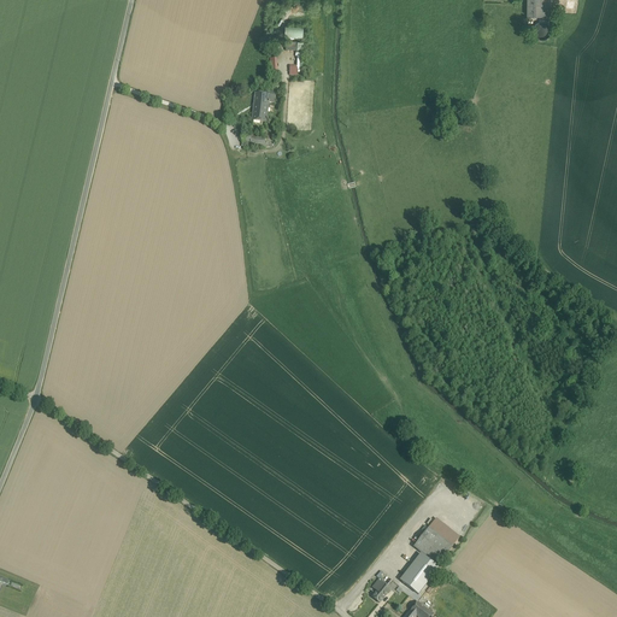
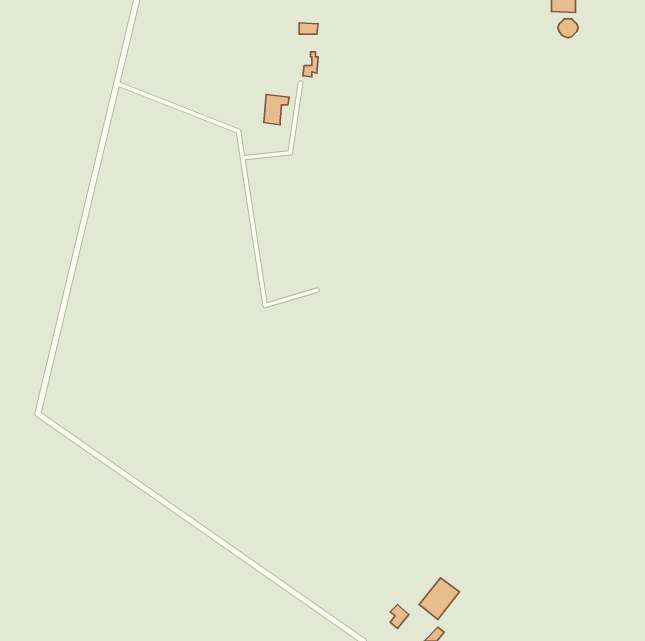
building: [413,525,452,563] -> none

